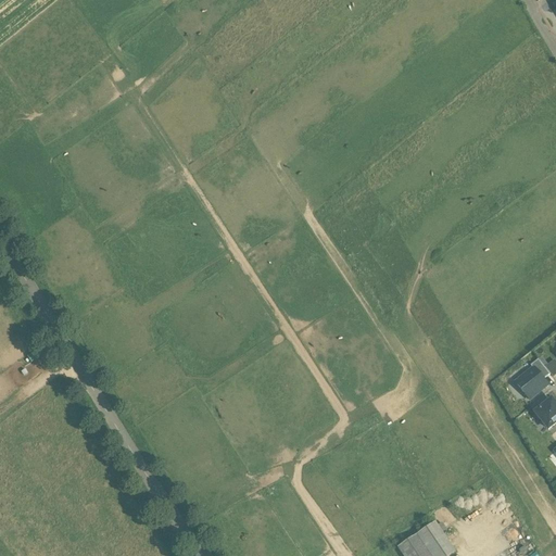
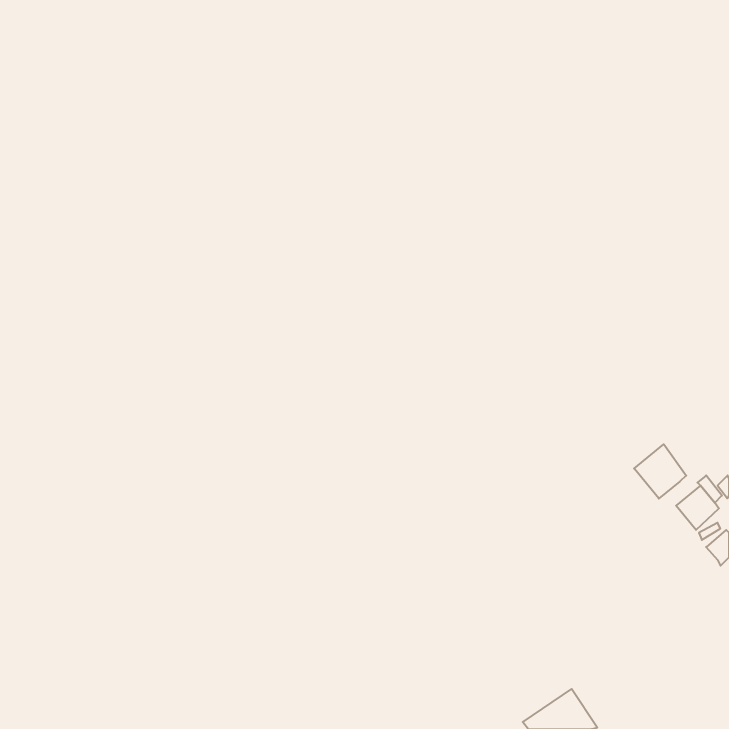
building: none -> [634,444,686,499]

